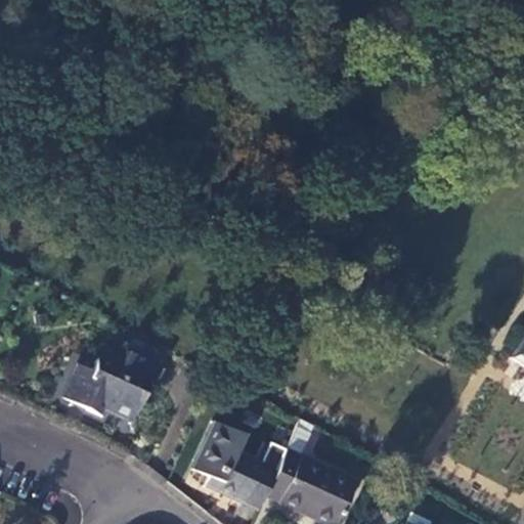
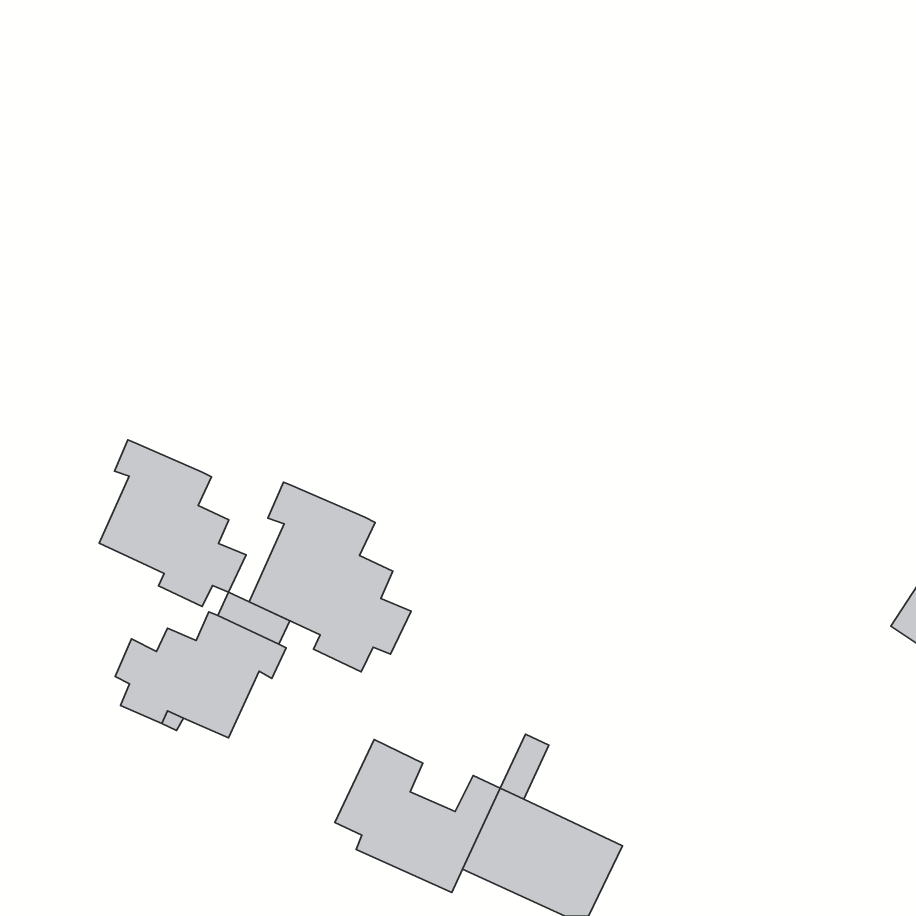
building: none -> [99,440,246,607]
building: none -> [249,482,411,672]

